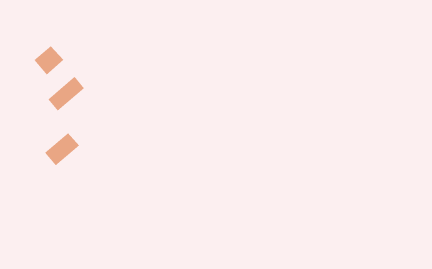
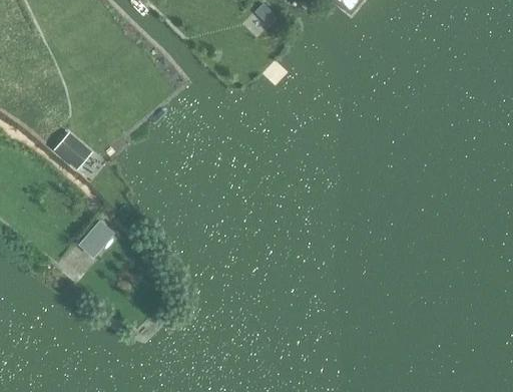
building: [47,76,85,112] -> none

